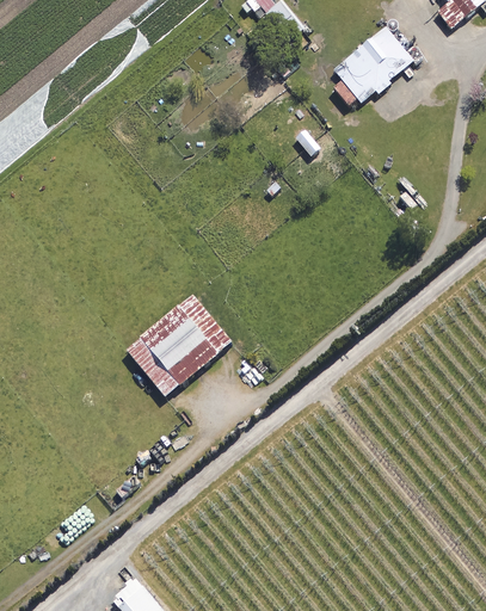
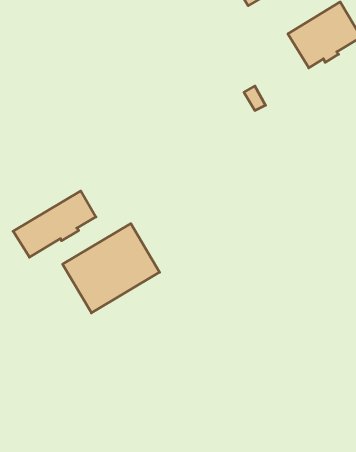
building: none -> [13,191,96,257]

